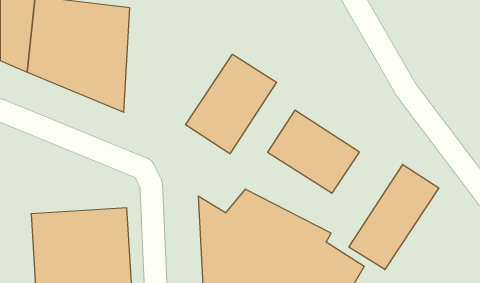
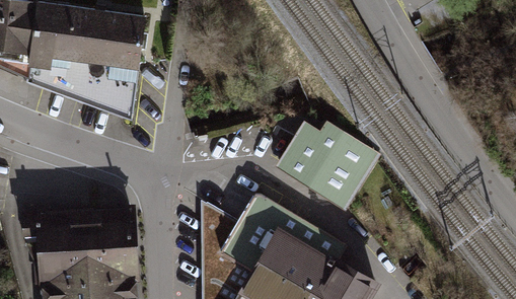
building: [186,54,277,154] -> none
building: [349,164,439,270] -> none

